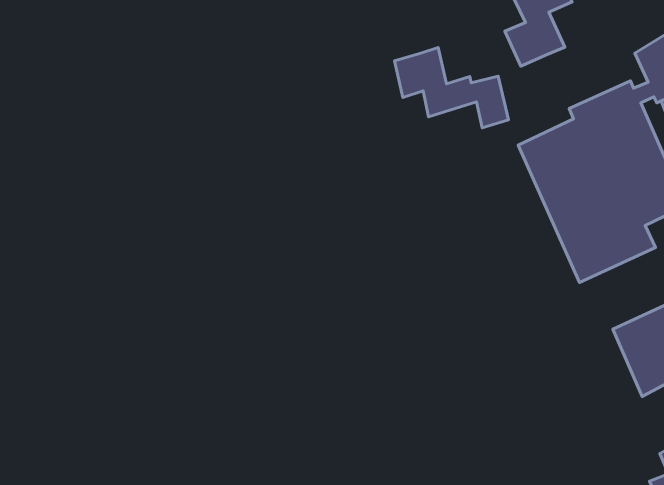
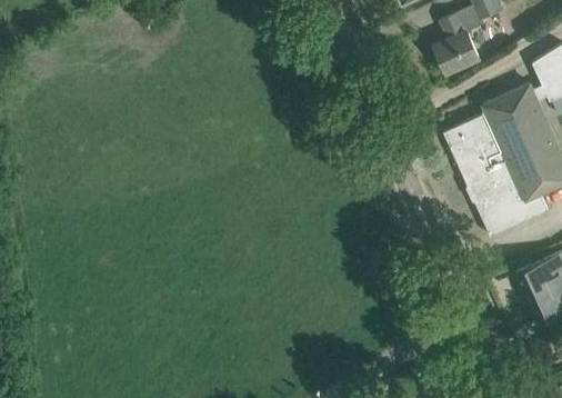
building: [394,47,509,128] -> none

